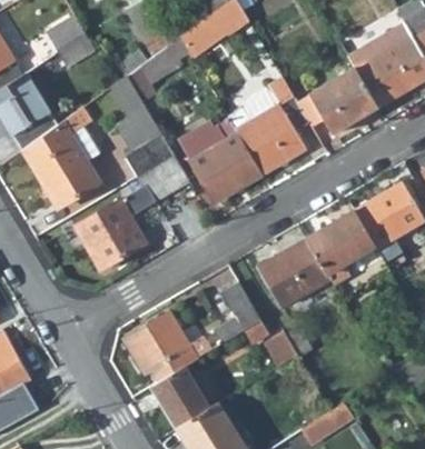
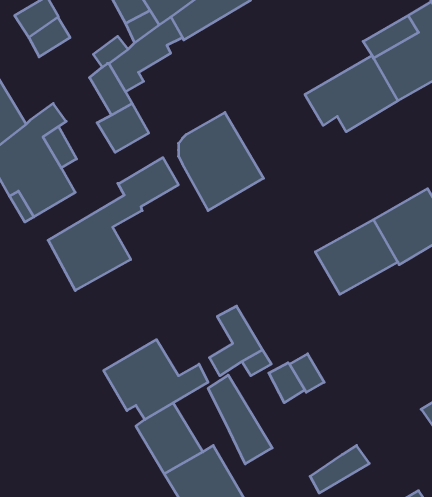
building: [228,91,309,173] -> none
building: [123,134,175,178] -> none
building: [257,237,330,306] -> none
building: none -> [208,375,272,464]

